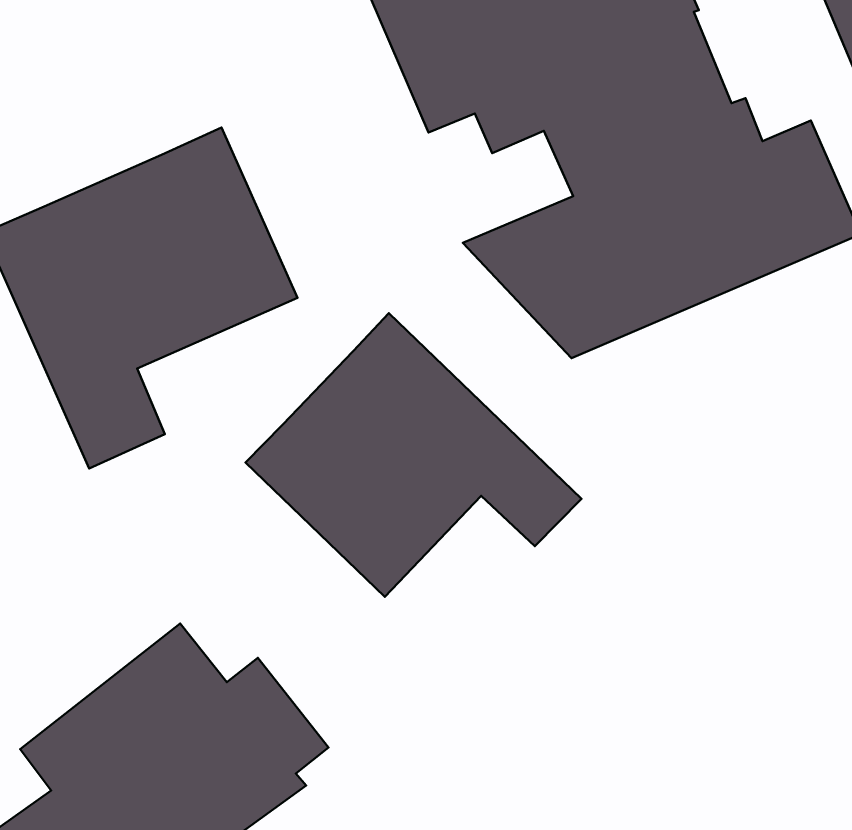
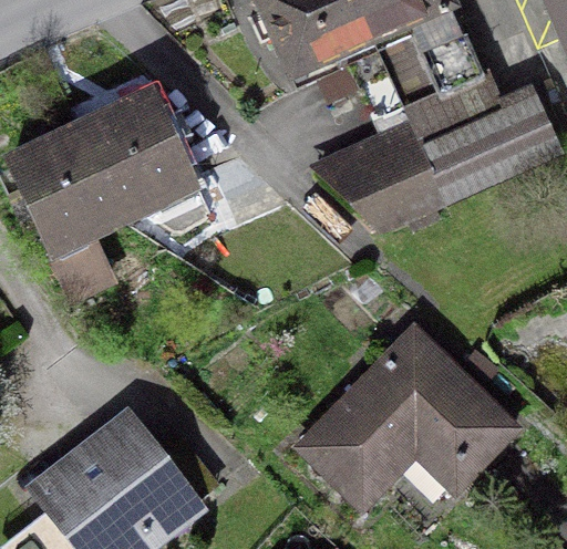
building: [245,313,581,597] -> none
building: none -> [292,321,526,514]

